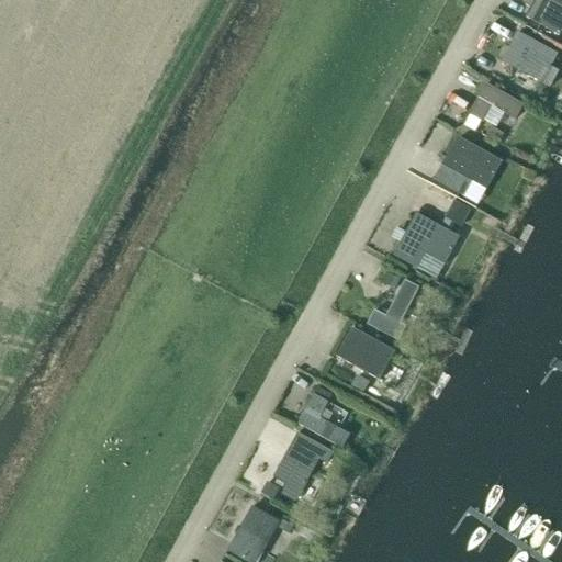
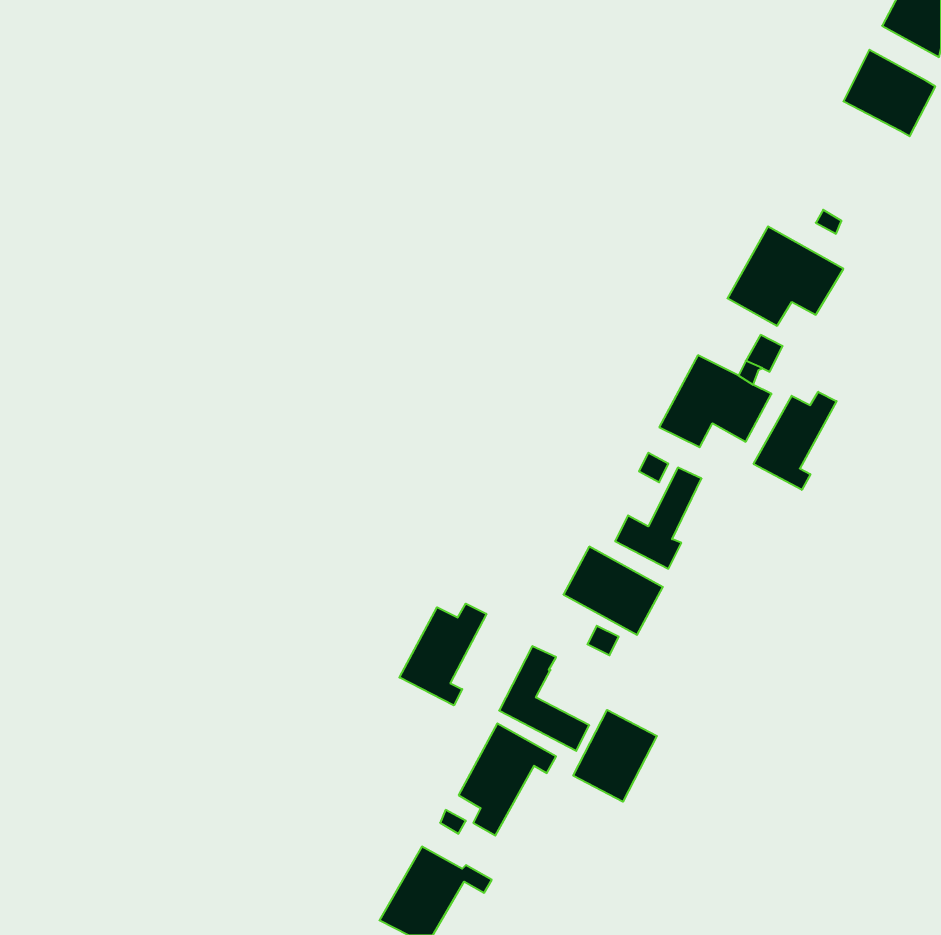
building: [464,82,524,128] -> none
building: none -> [754,392,837,490]
building: none -> [399,604,486,705]
building: none -> [573,710,657,802]

